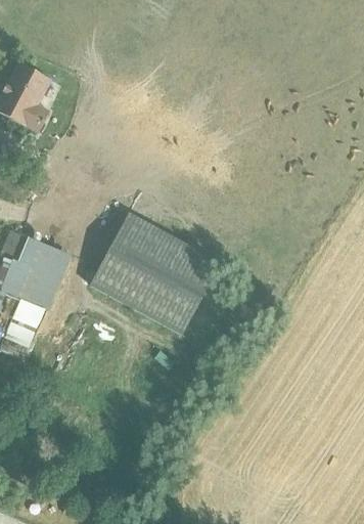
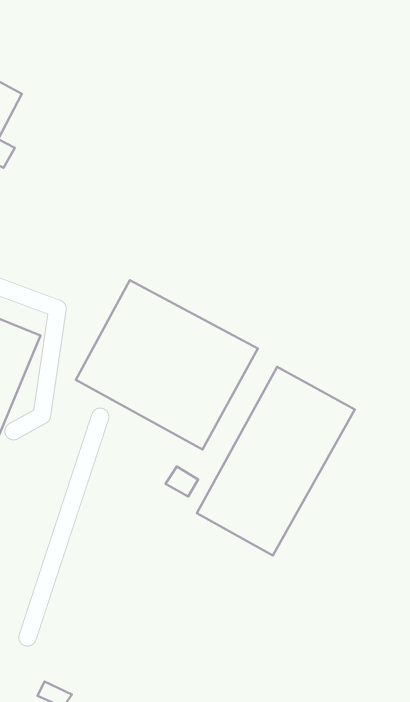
building: none -> [197,367,355,556]

